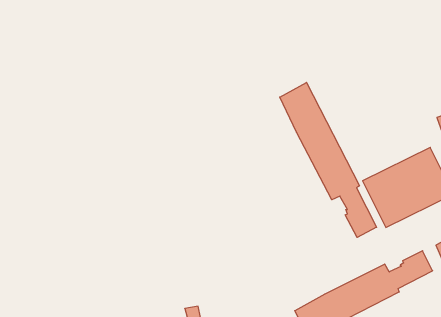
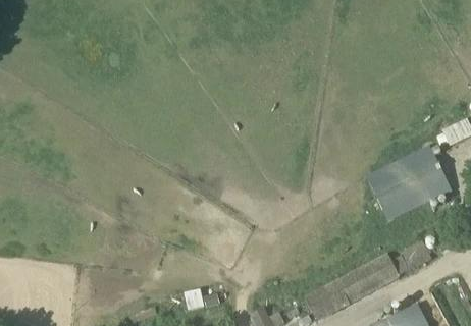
building: [280,82,377,237] -> none

